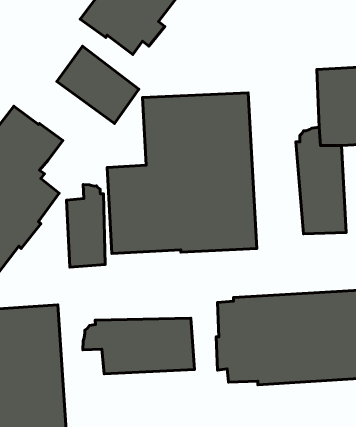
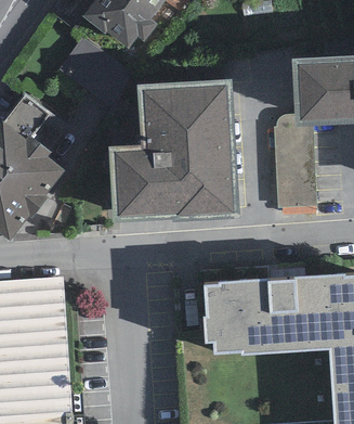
building: [67,184,105,267] -> none
building: [83,318,194,374] -> none

